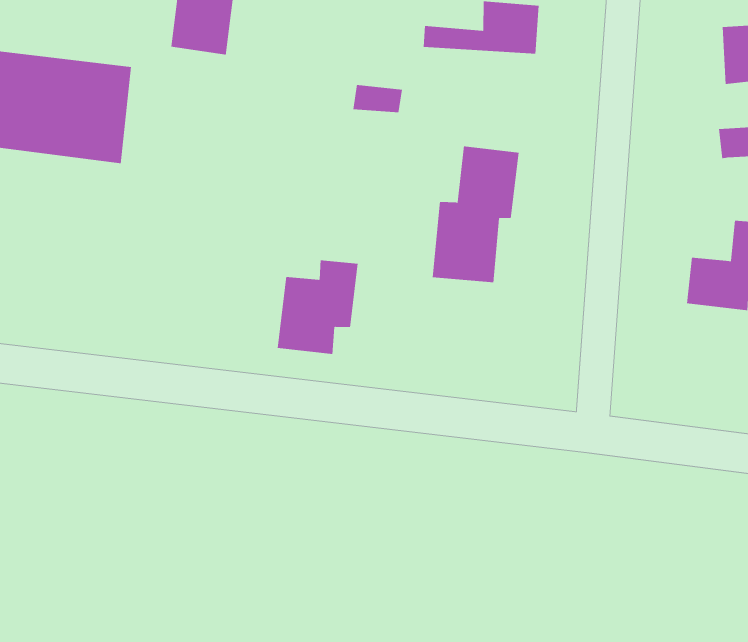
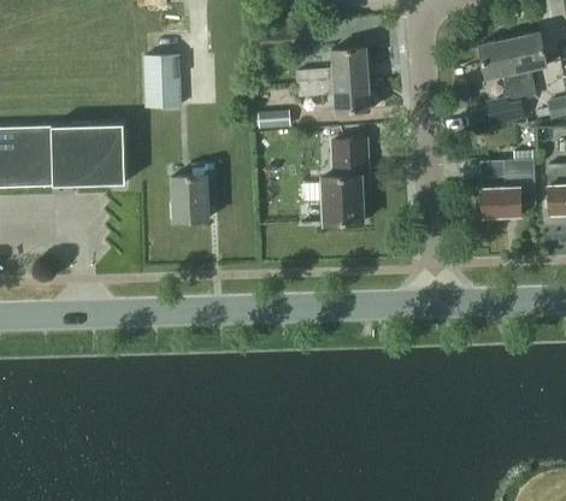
building: none -> [297,78,370,113]
building: [277,260,359,355] -> [171,161,216,220]

